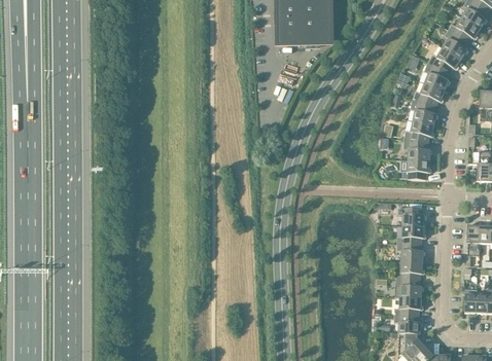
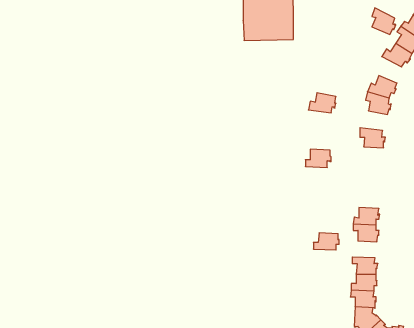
building: [426,62,452,91] -> [372,8,396,34]
building: [406,120,435,142] -> [308,93,336,113]
building: [405,159,432,179] -> [305,149,331,167]
building: [399,207,427,226] -> none
building: [397,261,425,280] -> [313,233,339,250]

